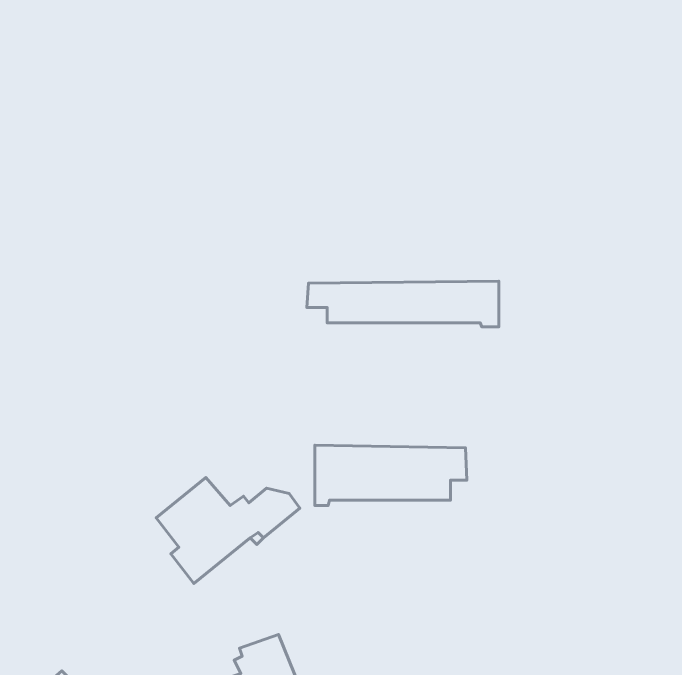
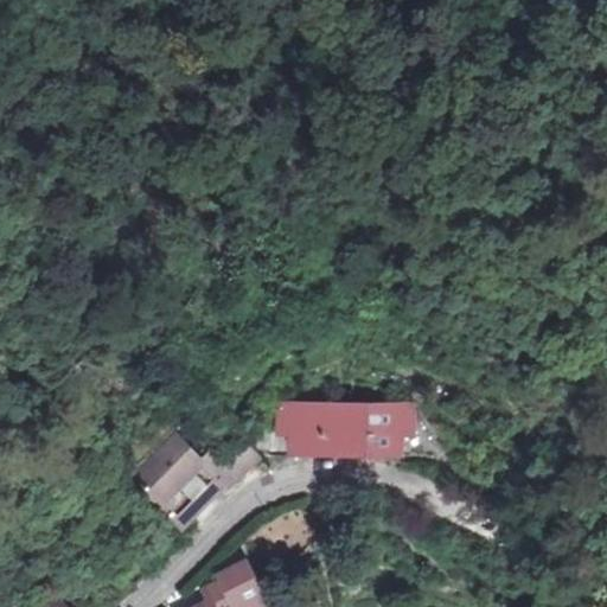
building: [307,281,499,327] -> none

